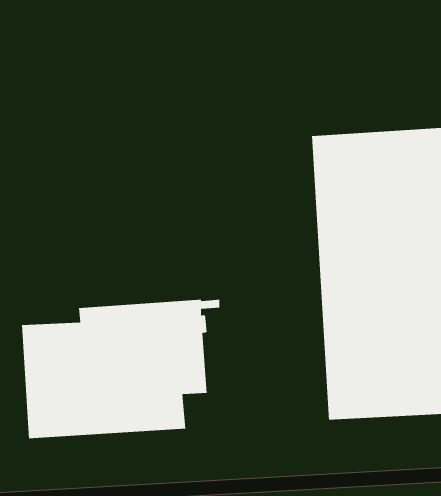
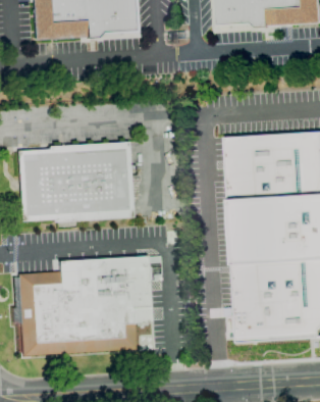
building: none -> [17,142,132,221]

